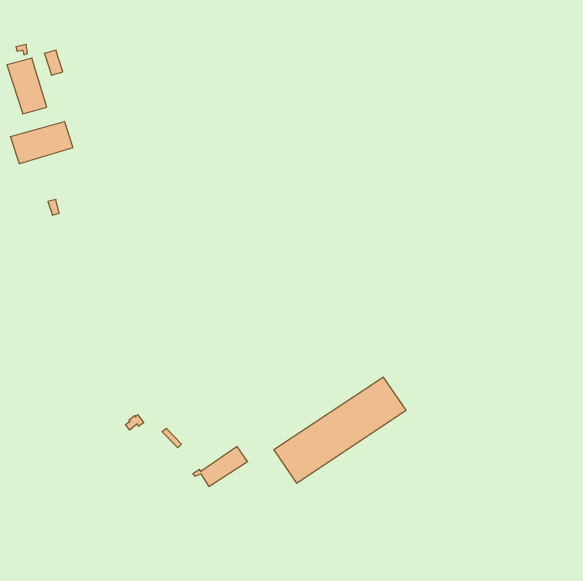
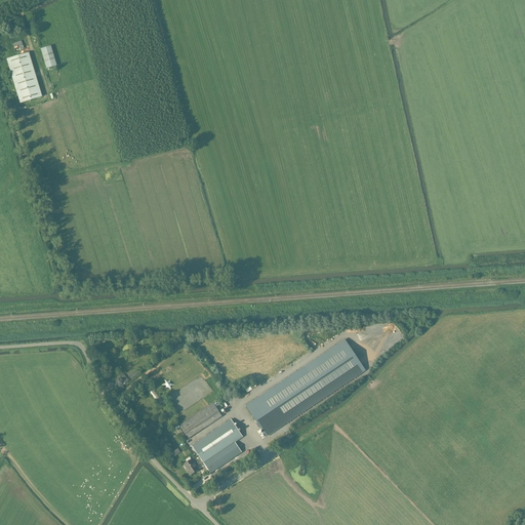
building: [11,121,73,164] -> none
building: none -> [184,419,242,474]

